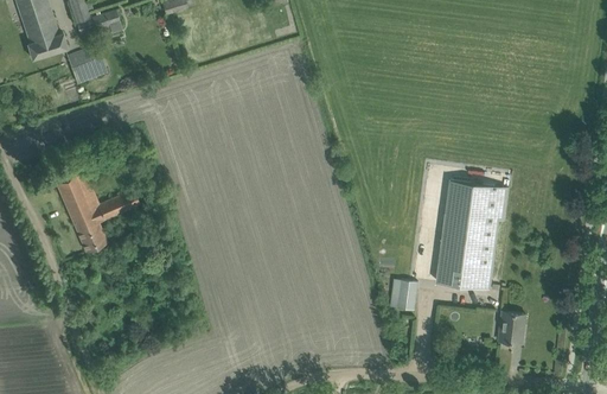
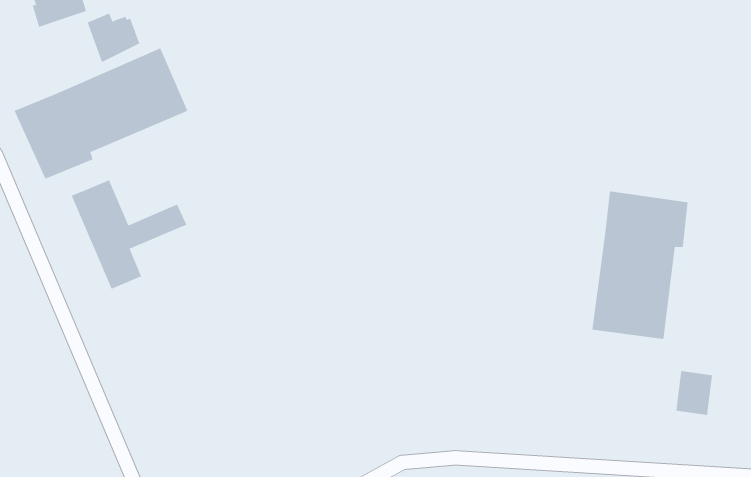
building: none -> [14,48,188,180]
building: [389,279,416,310] -> none

